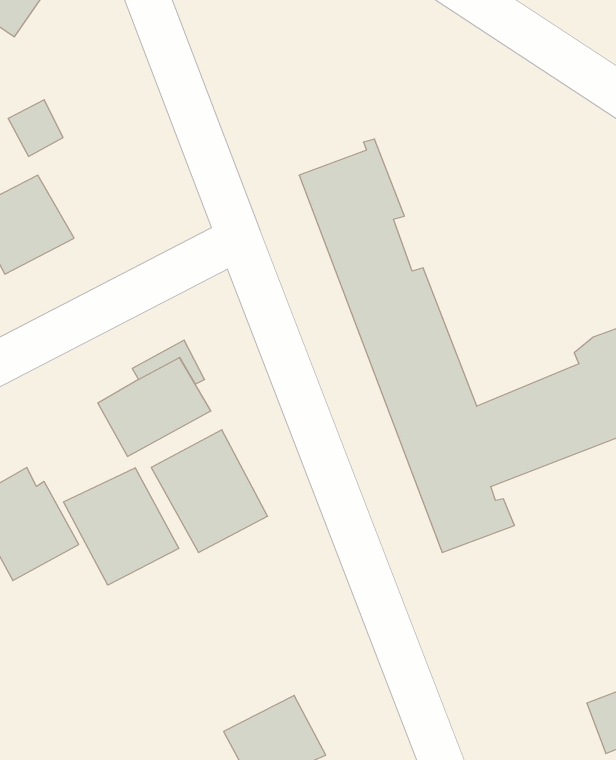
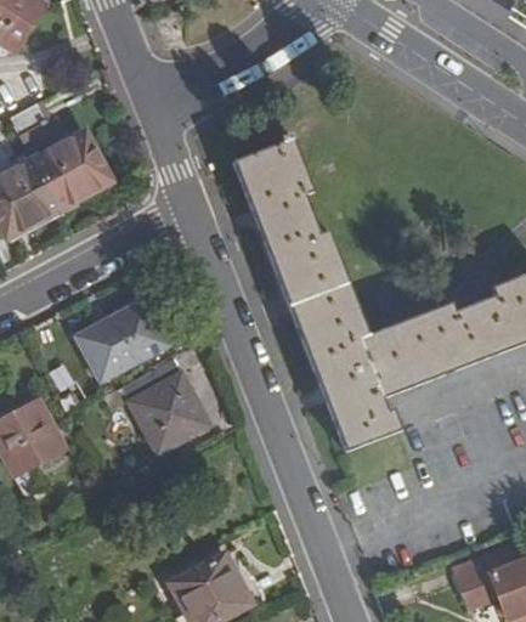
building: none -> [32,132,108,208]
building: [63,468,179,585] -> none

